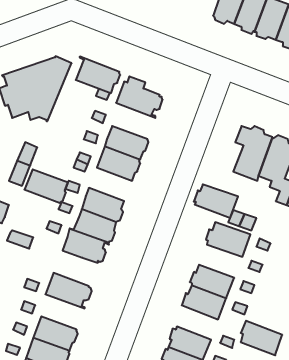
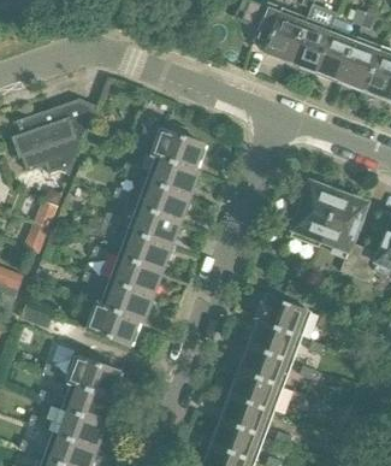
building: [76,57,120,93] -> [147,153,200,196]
building: [24,169,68,203] -> [119,230,171,270]
building: [194,184,238,218] -> [249,322,302,361]
building: none -> [63,381,115,423]
building: [241,321,282,355] -> [224,394,273,435]

